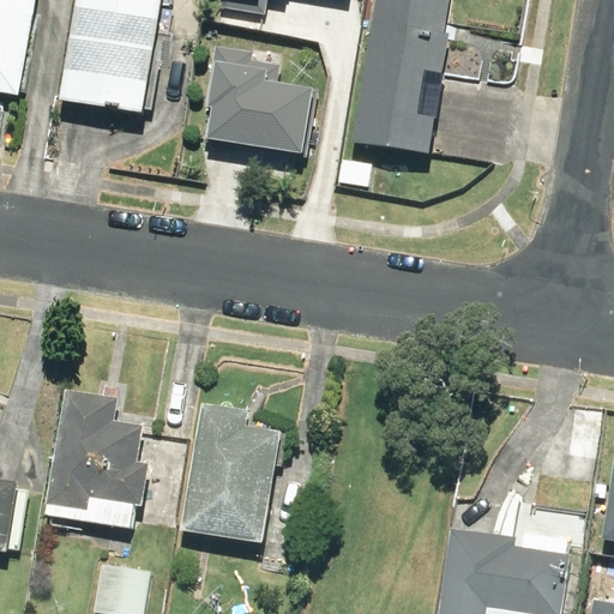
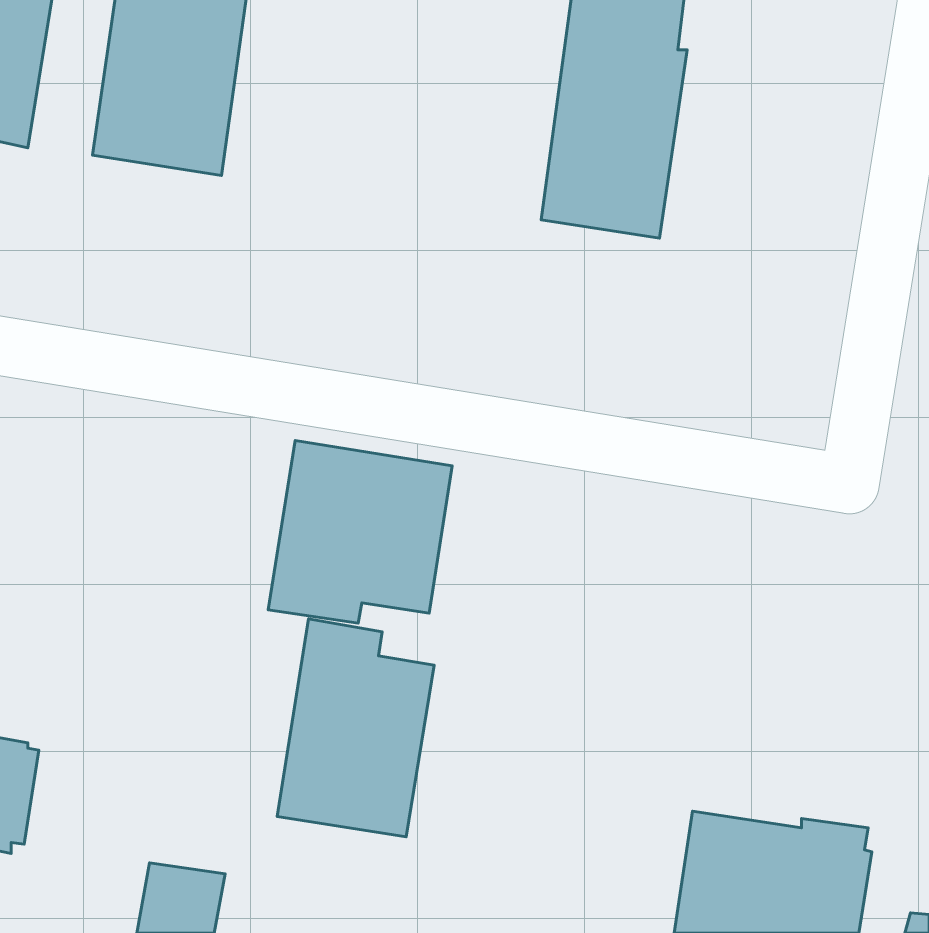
building: [200,43,314,156] -> none
building: none -> [268,441,452,623]
building: [41,387,149,528] -> none

